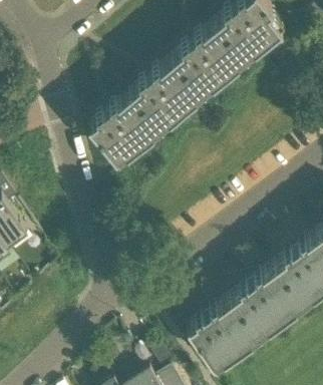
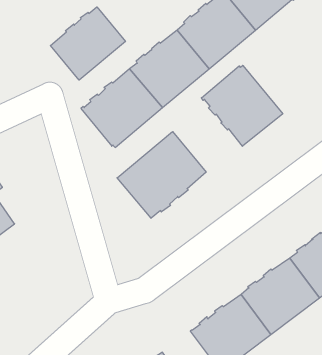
building: none -> [50,7,125,80]
building: none -> [201,65,283,146]
building: none -> [117,132,206,218]

